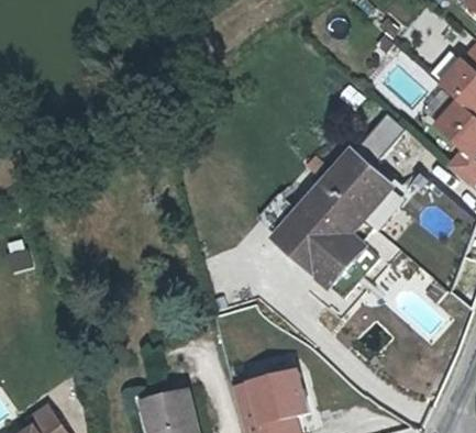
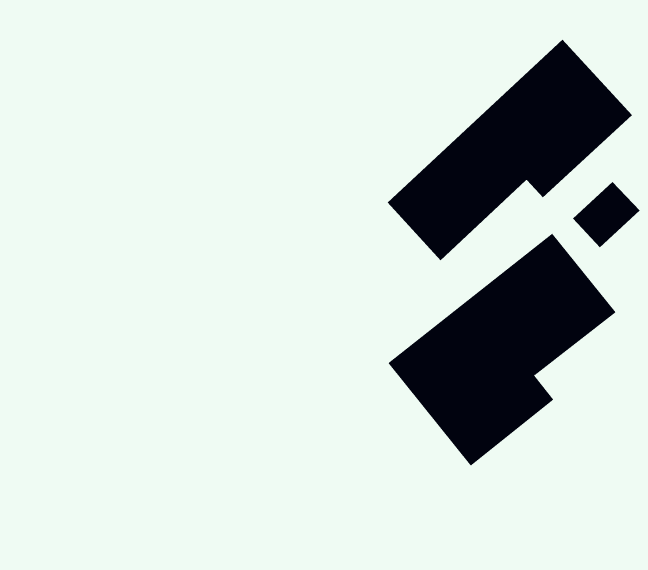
building: none -> [387,39,633,261]

